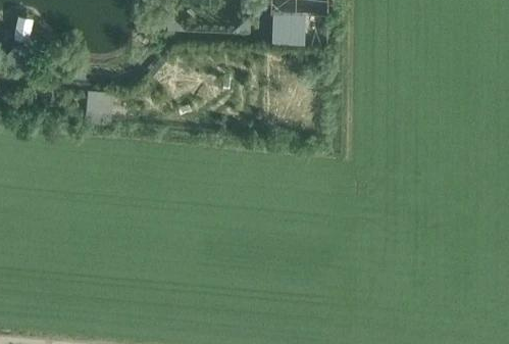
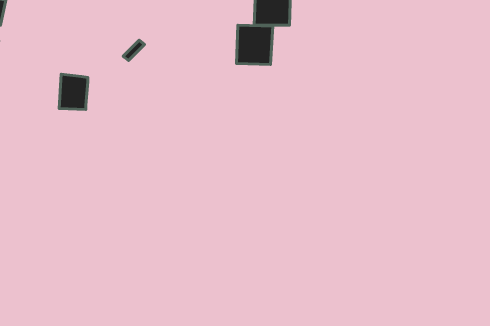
building: none -> [237,25,273,65]

